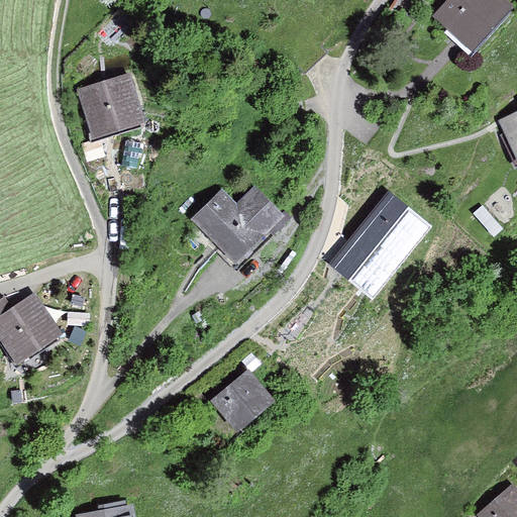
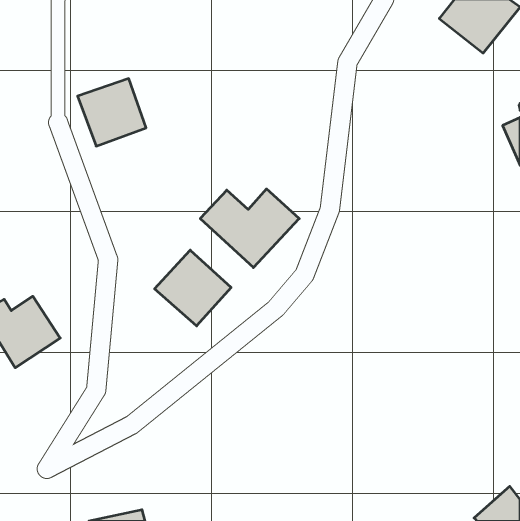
building: [330,193,429,298] -> none
building: none -> [155,250,231,326]
building: [207,370,272,432] -> none

